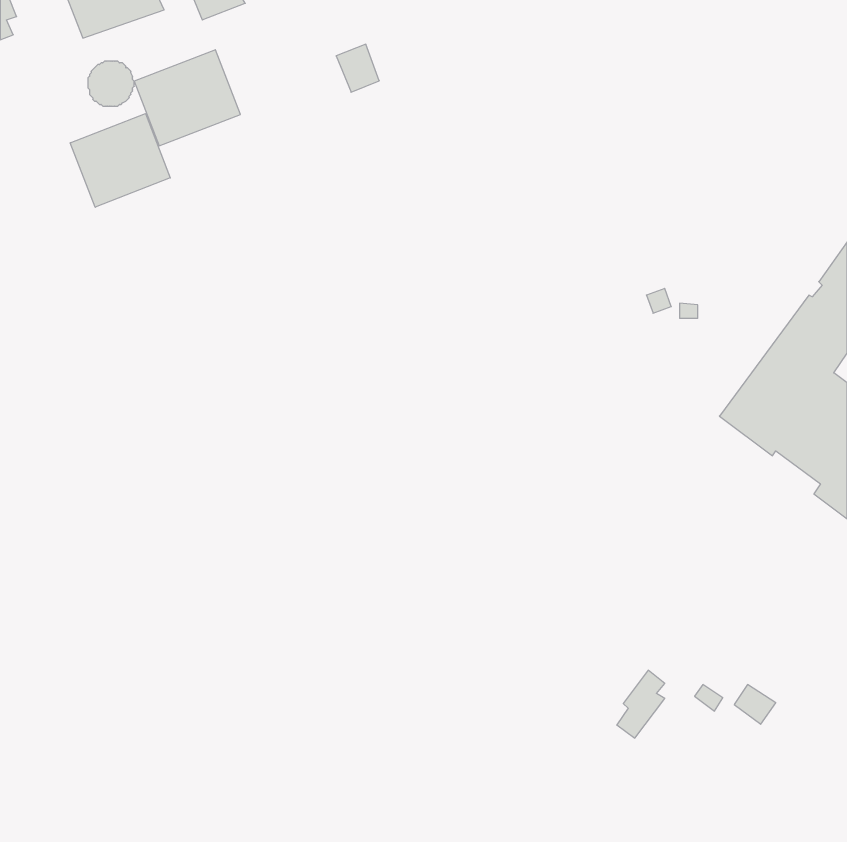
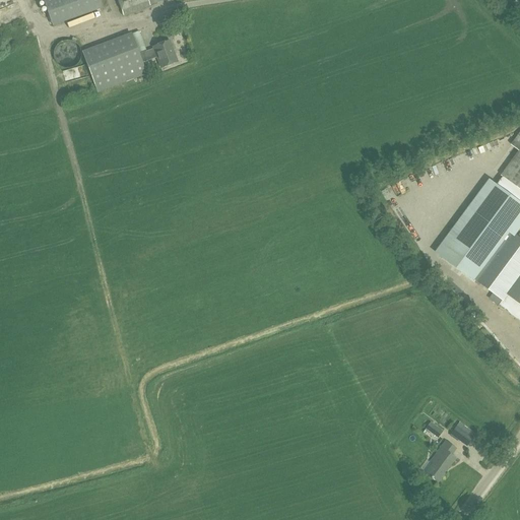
building: [336,44,379,92] -> [152,37,179,66]
building: [70,114,170,207] -> none
building: [617,670,665,738] -> [427,438,456,479]

